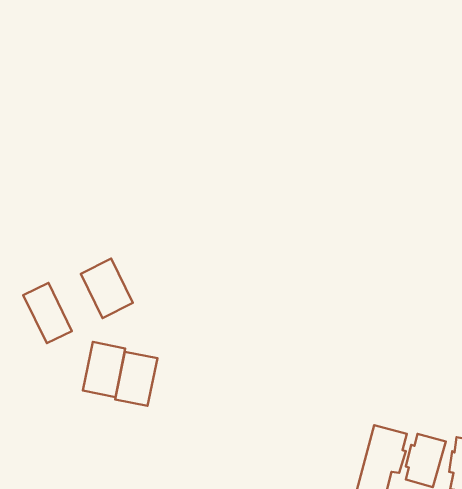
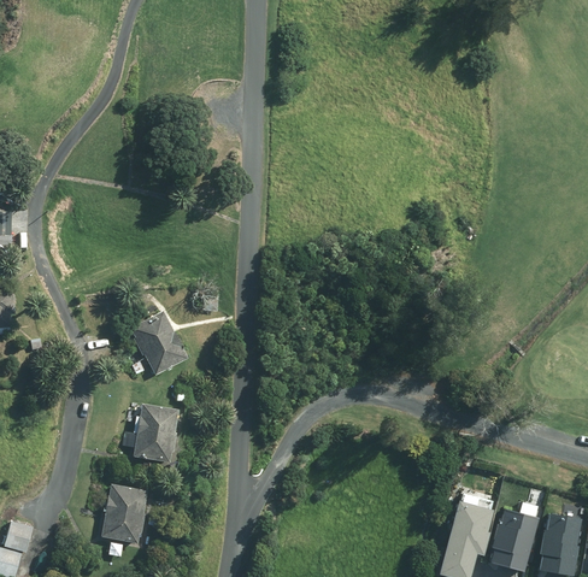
building: [23,283,72,343] -> none
building: [115,352,157,406] -> [101,487,148,547]

